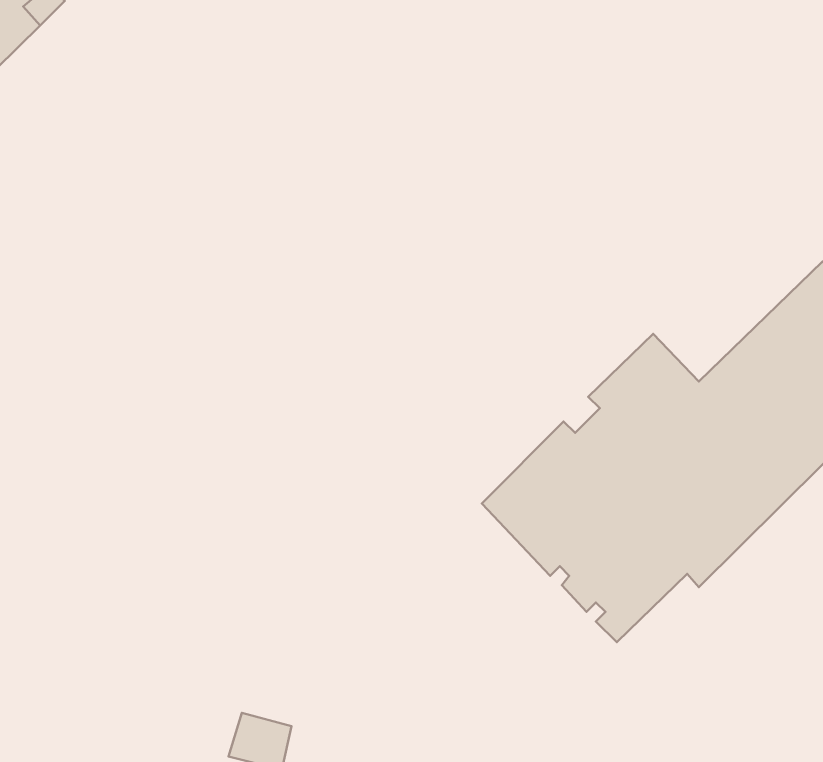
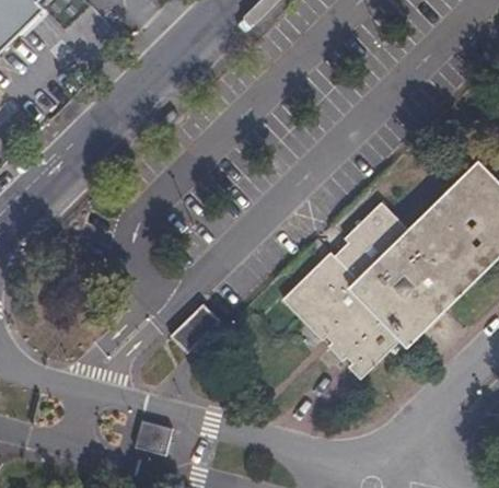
building: none -> [170,305,218,355]

